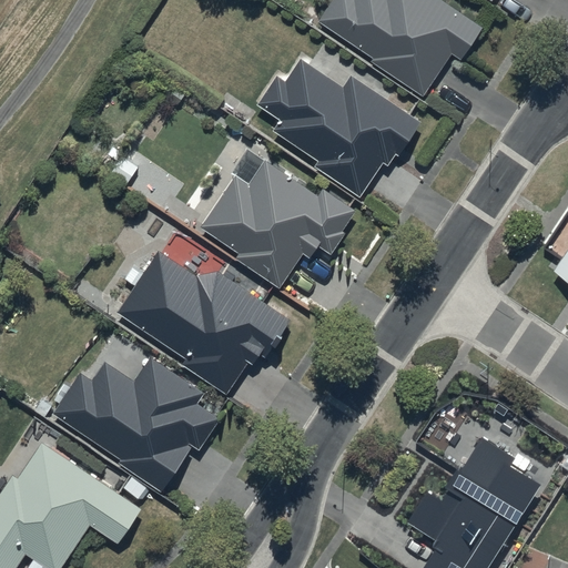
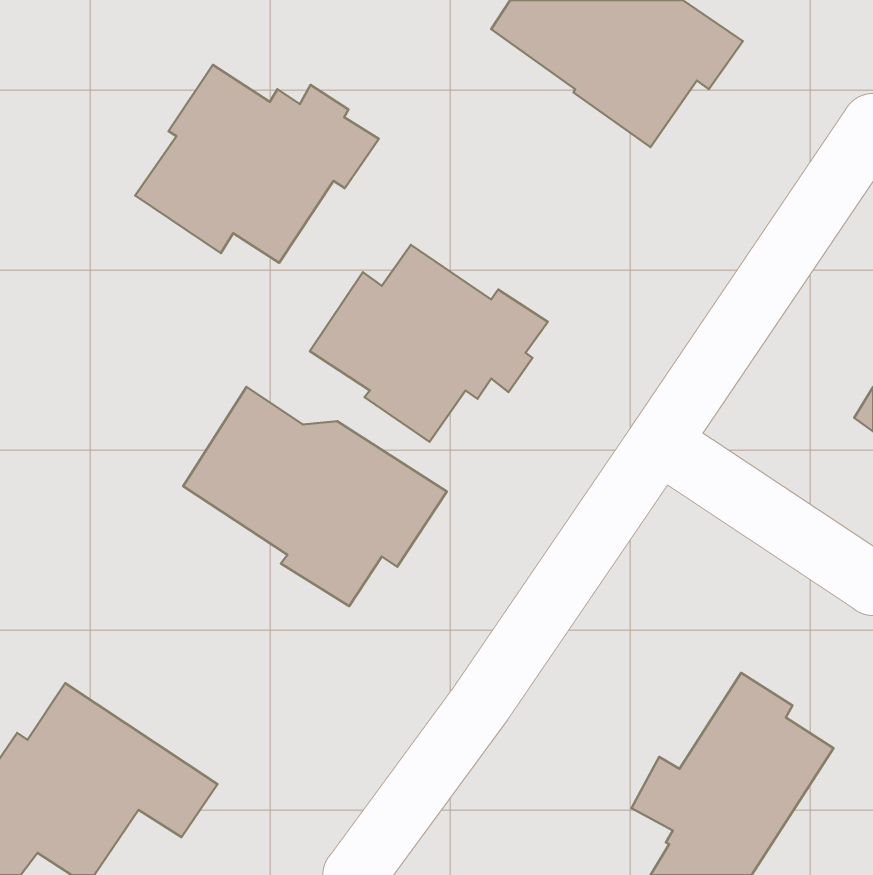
building: none -> [135,65,379,263]
building: [257,60,419,194] -> none
building: [50,356,220,490] -> none

